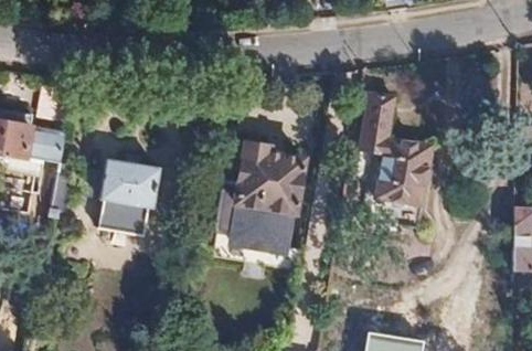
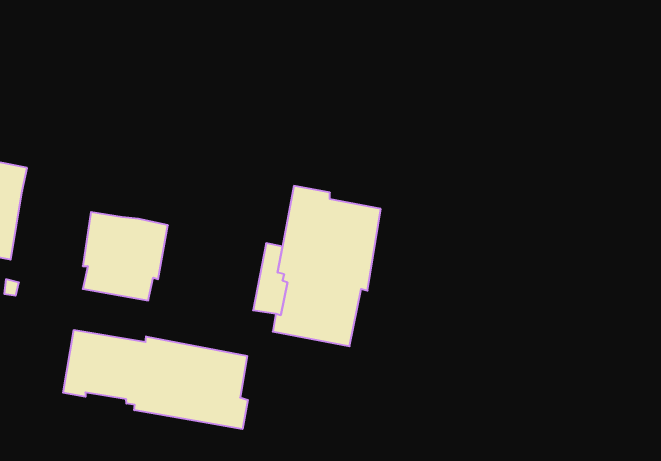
building: [357,92,430,206] -> none
building: none -> [63,330,248,429]

